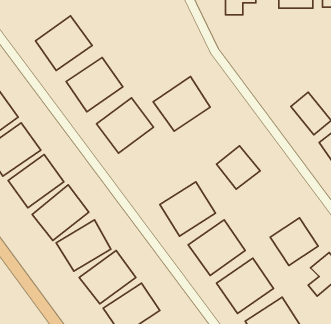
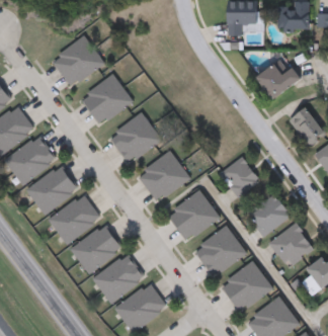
building: none -> [257,63,301,98]
building: [153,77,210,131] -> [137,150,189,200]
building: none -> [248,193,291,235]

